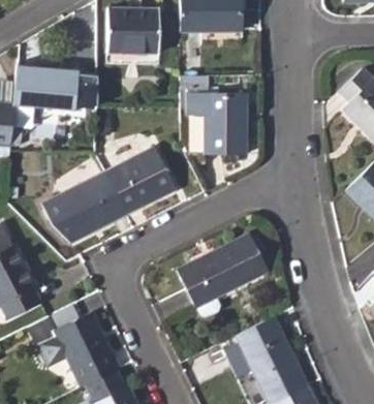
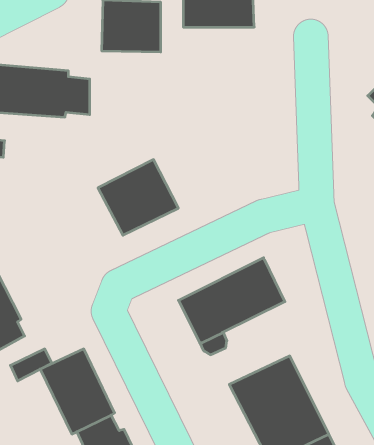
building: [186,86,245,155] -> none
building: [41,172,127,242] -> none

